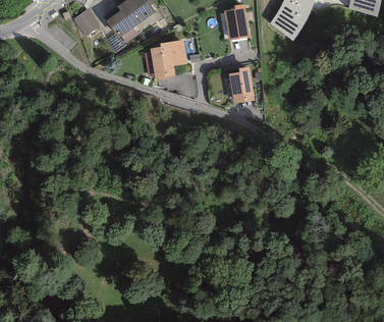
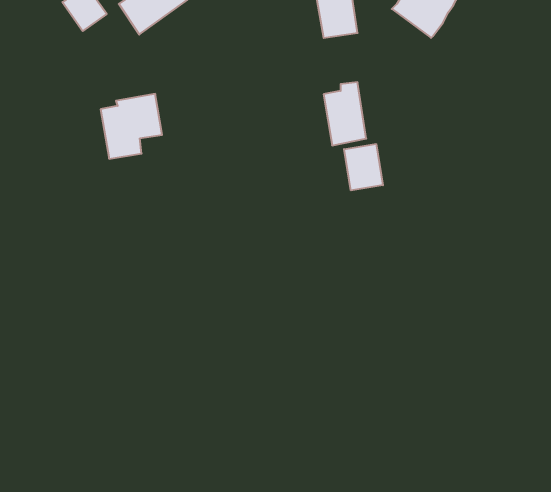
building: [150,39,186,77] -> [101,94,162,159]
building: none -> [344,144,383,190]

